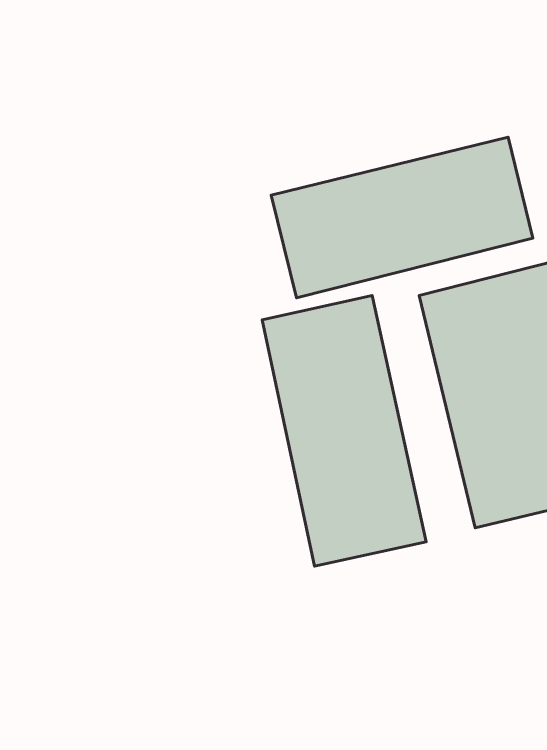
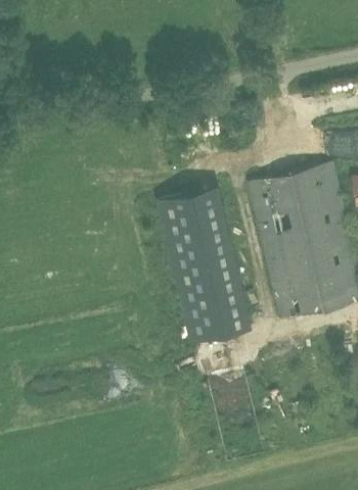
building: [271,137,533,298] -> none

